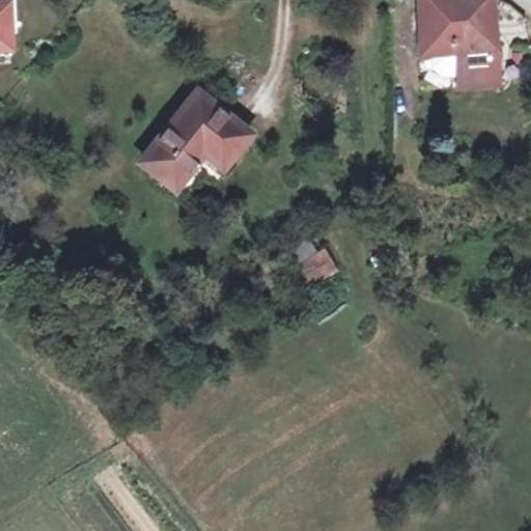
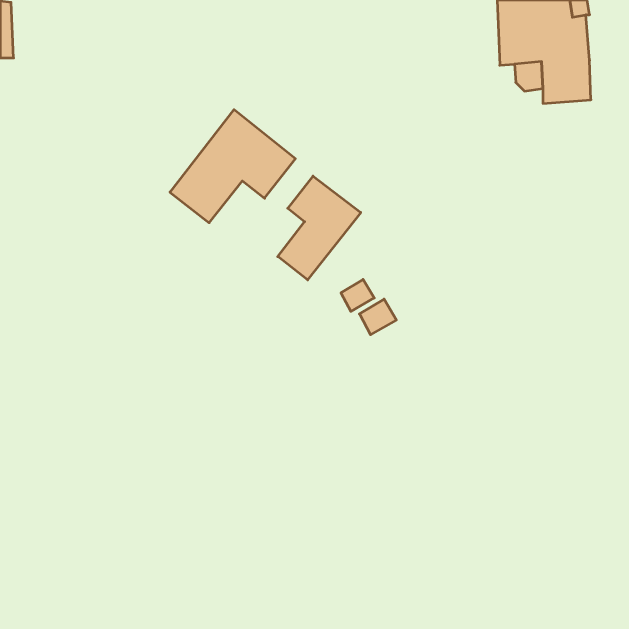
building: none -> [278,176,361,280]

